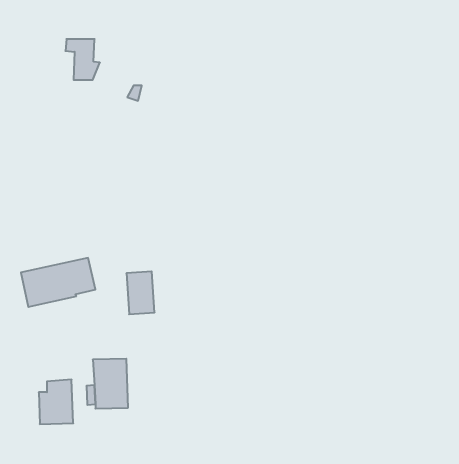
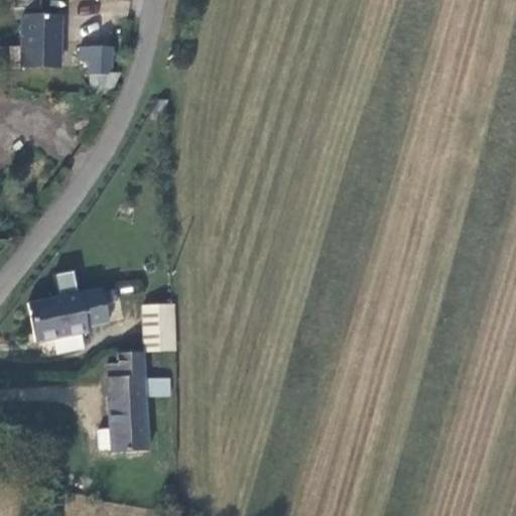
building: none -> [21,12,59,63]
building: [39,380,73,424] -> [108,350,146,399]

